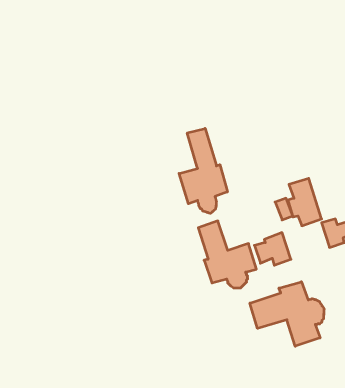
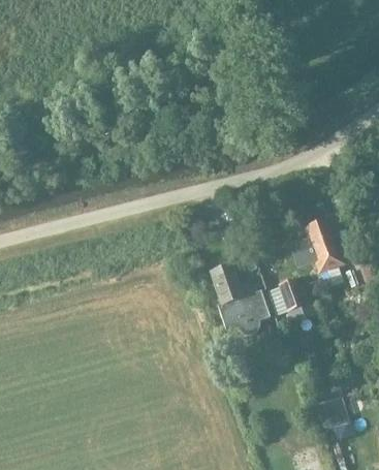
building: [179,128,227,213] -> none
building: [250,282,324,346] -> none

